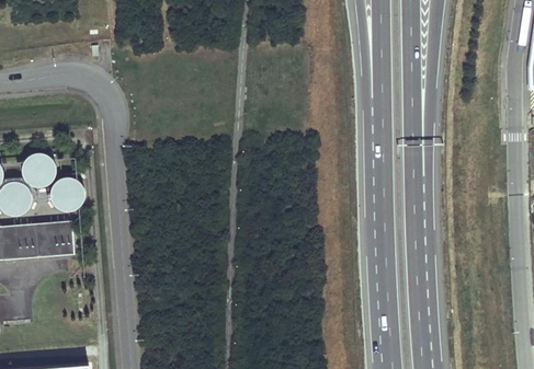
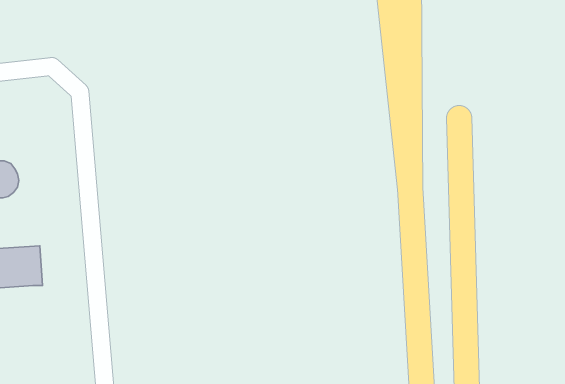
building: [48,177,83,211] -> none

